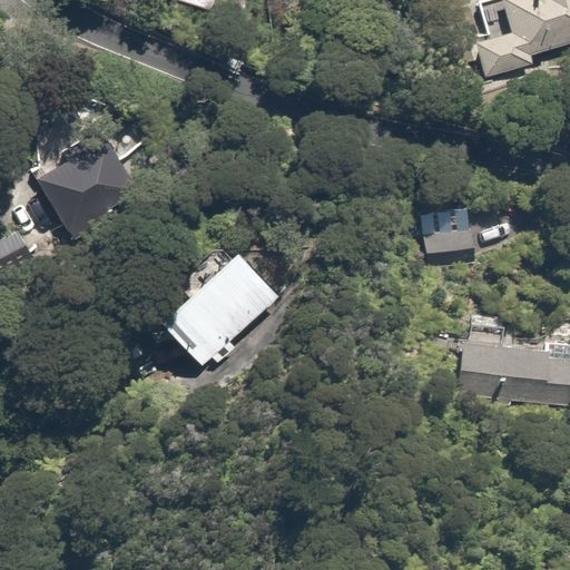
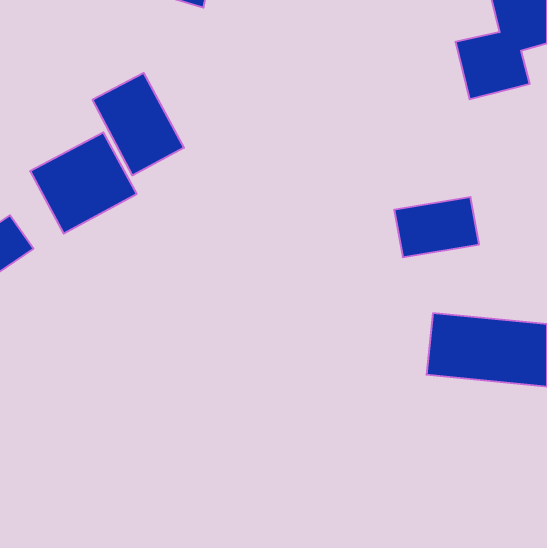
building: none -> [93,73,184,175]
building: [161,248,286,366] -> none

